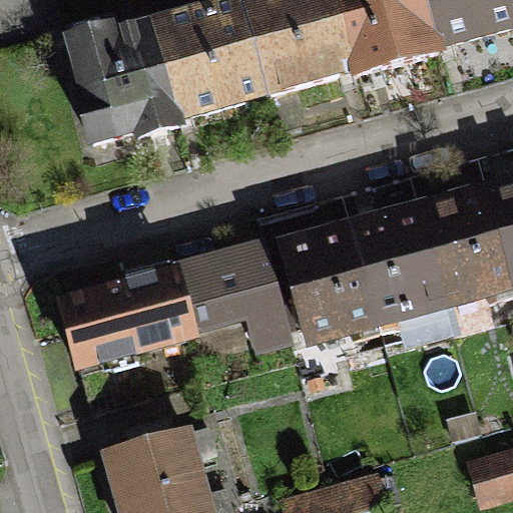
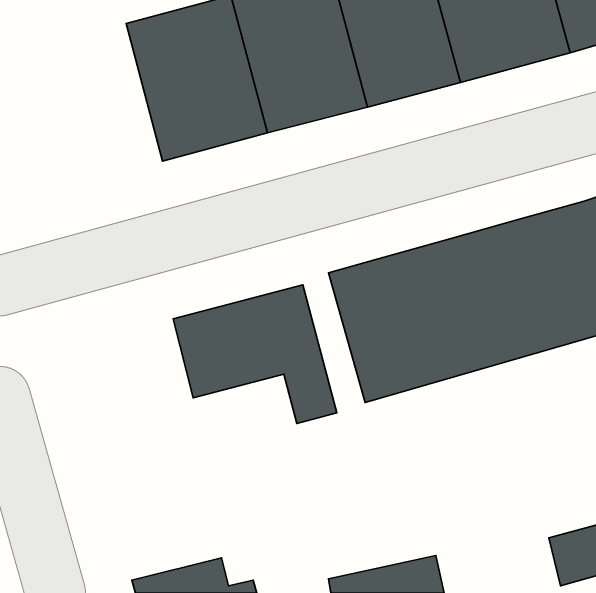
building: [56,20,143,152] -> none
building: [61,272,169,393] -> none
building: [105,422,204,494] -> none

